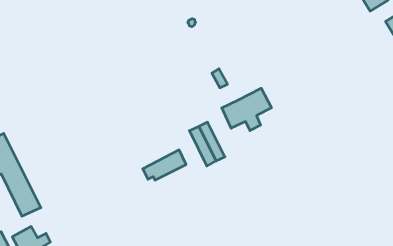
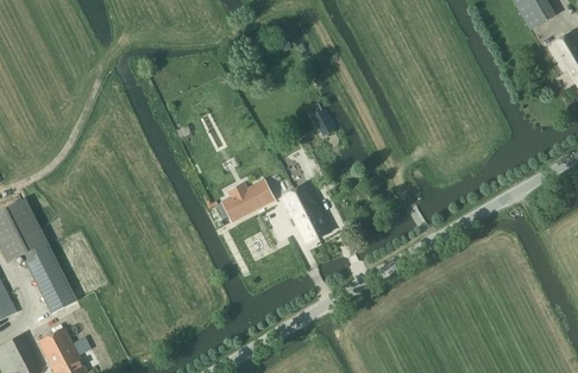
building: [222,88,271,131] -> none
building: [143,150,186,180] -> [215,179,275,221]

